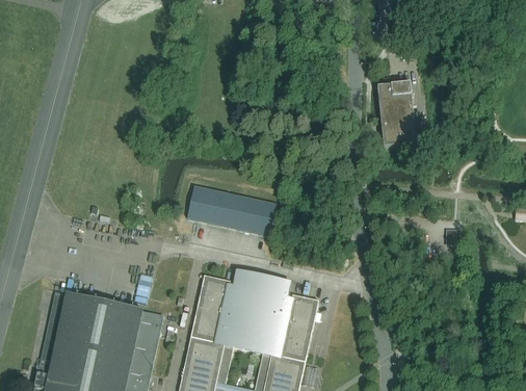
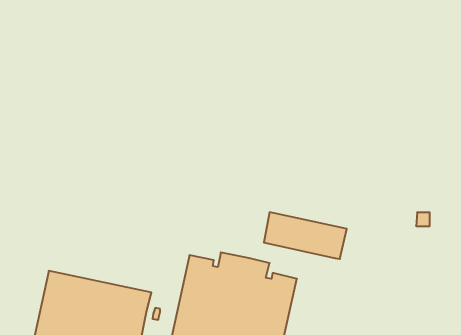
building: [377,82,416,147] -> none
building: [187,185,275,235] -> [264,212,347,259]

